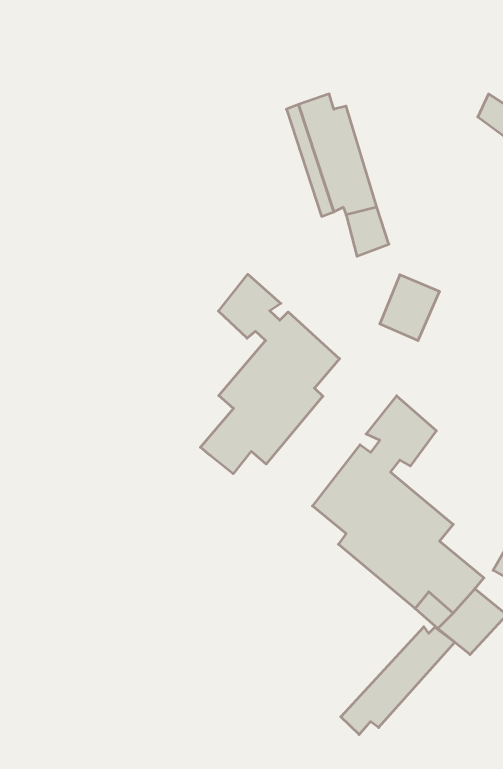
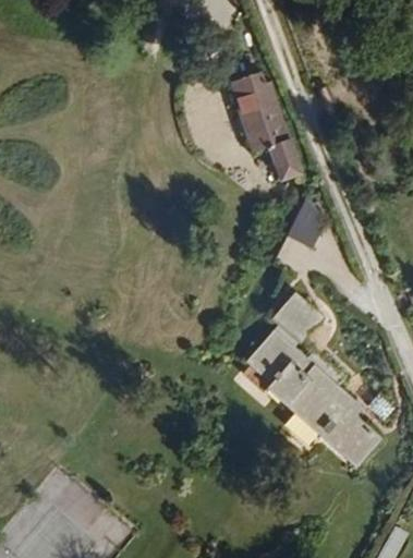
building: [200,274,340,474] -> none
building: [341,627,455,735] -> none

